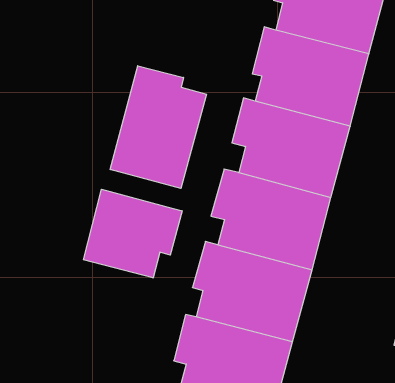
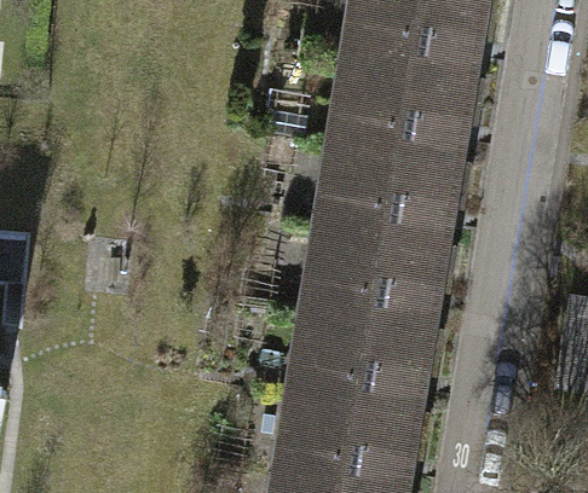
building: [110,66,206,188] -> none
building: [83,189,182,278] -> none

